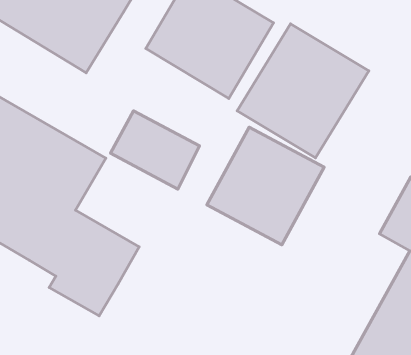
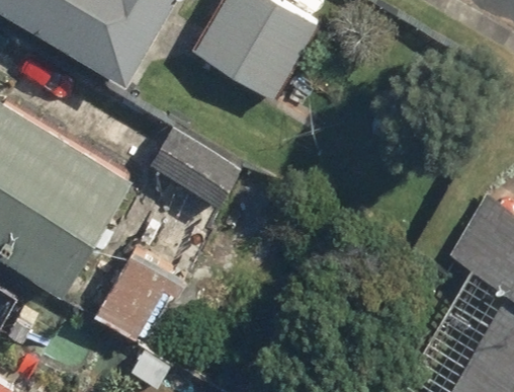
building: [237,24,369,158] -> none
building: [207,127,324,245] -> none

